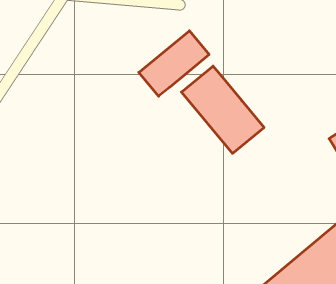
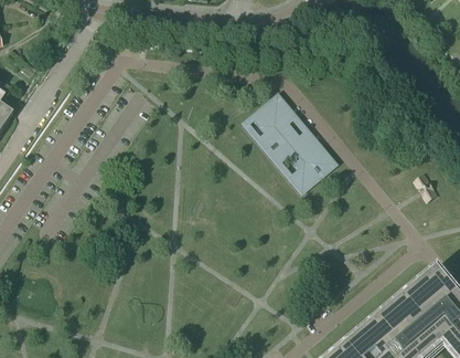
building: [139,31,209,96] -> none

